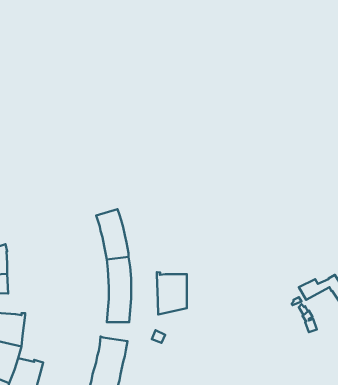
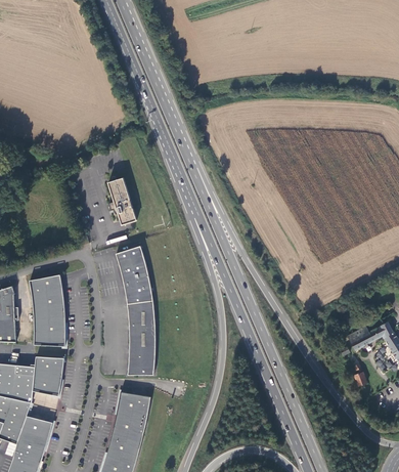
building: none -> [107,176,136,224]
building: none -> [29,274,64,346]
building: [157,272,187,315] -> none
building: none -> [31,356,63,398]

